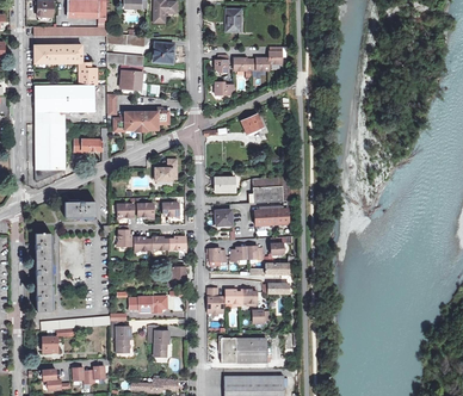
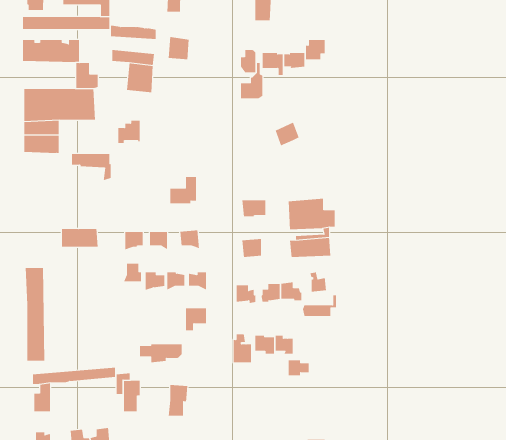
building: [131,107,167,130] -> none
building: [33,138,64,182] -> none
building: [221,338,267,364] -> none

